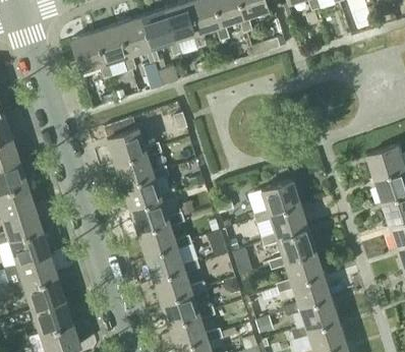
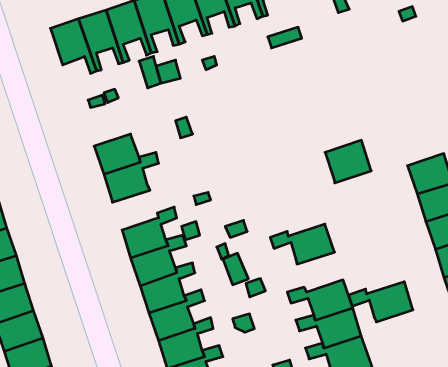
building: [121,166,168,209] -> none
building: [261,178,299,214] -> [325,140,371,183]
building: [261,227,314,260] -> [349,282,413,322]

